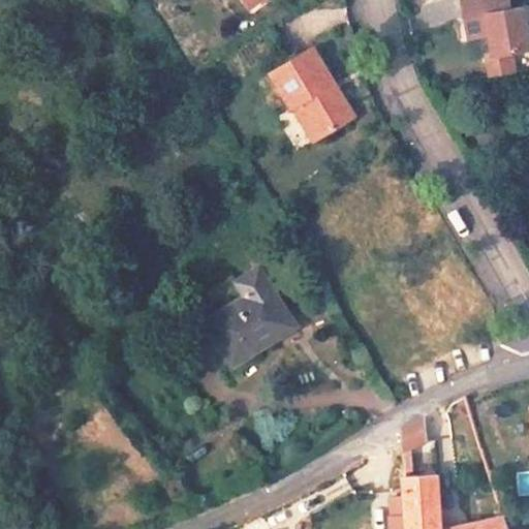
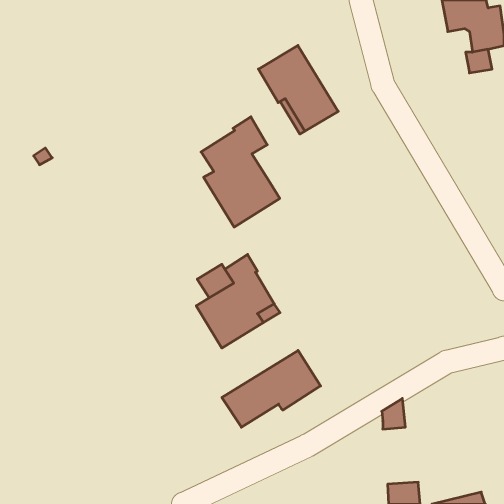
building: none -> [201,117,280,227]
building: none -> [222,350,321,427]
building: [403,474,438,507] -> none

